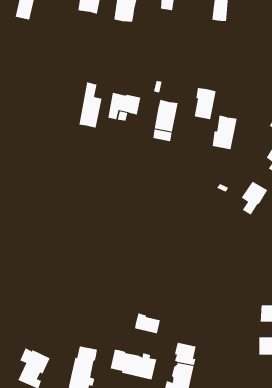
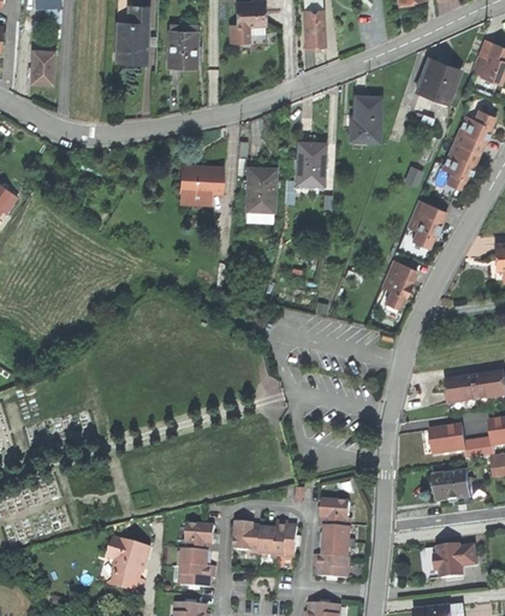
building: [79,82,102,128] -> none
building: [212,115,237,150] -> [351,95,381,141]
building: [134,313,161,334] -> none

